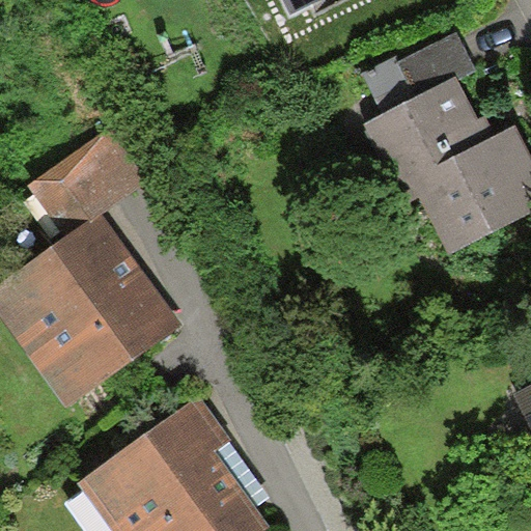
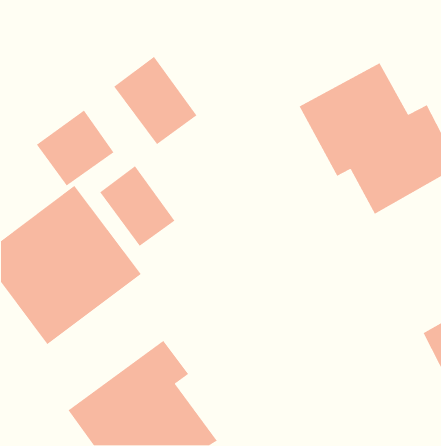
building: none -> [113,56,198,145]
building: none -> [99,165,175,247]

